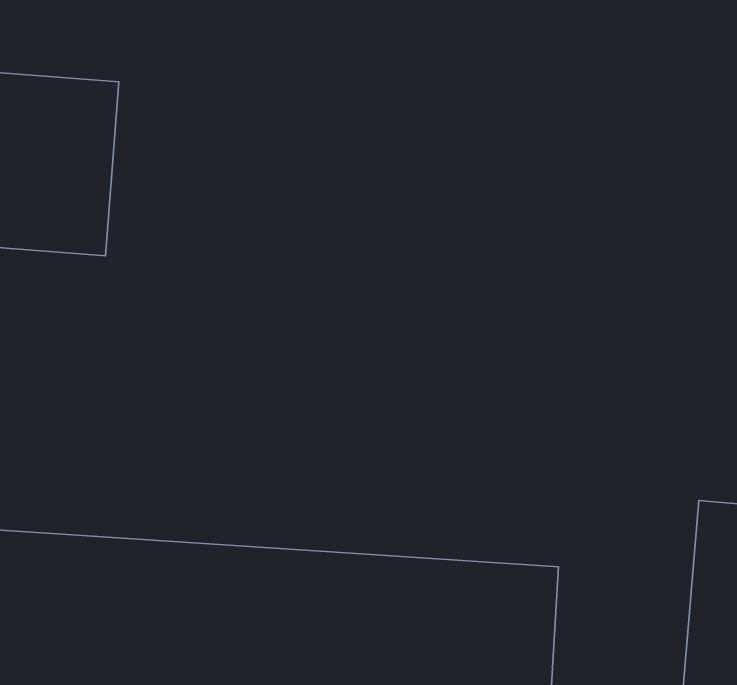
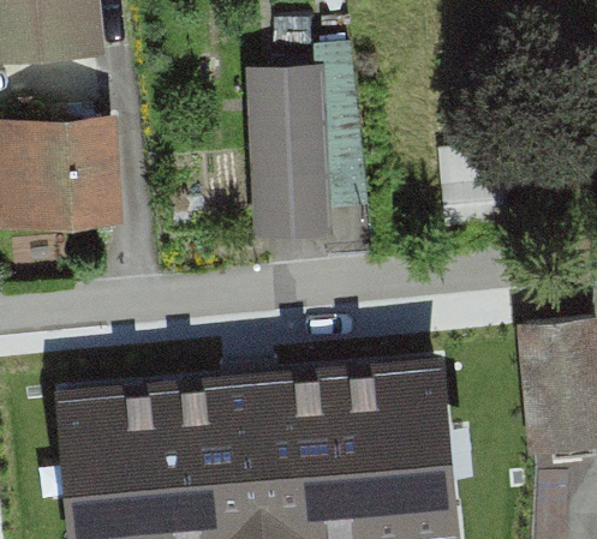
building: none -> [245,64,332,238]

